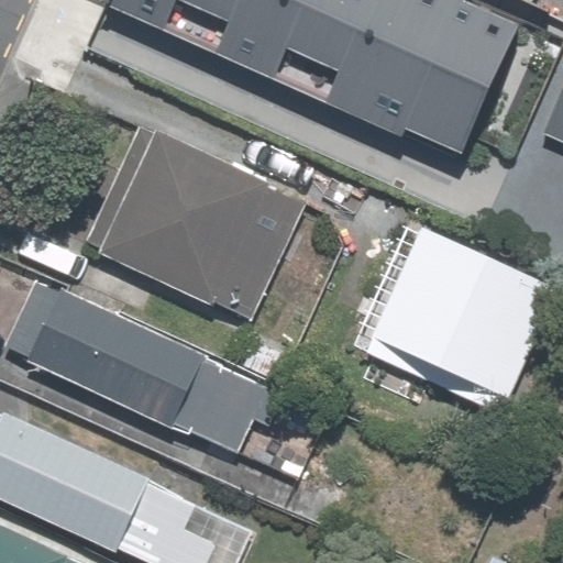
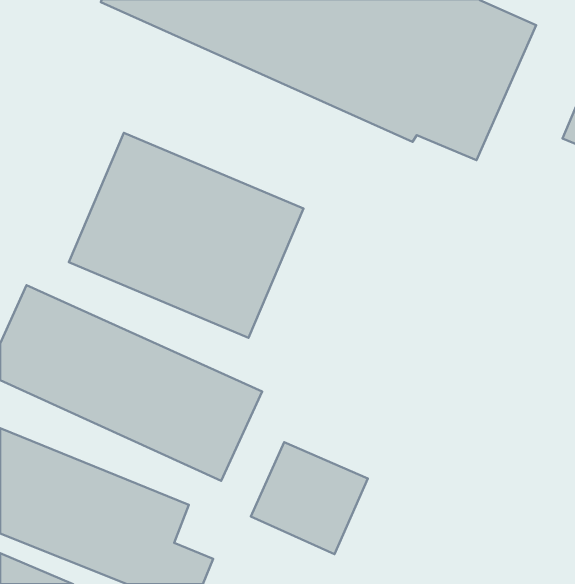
building: [368,229,549,399] -> none

